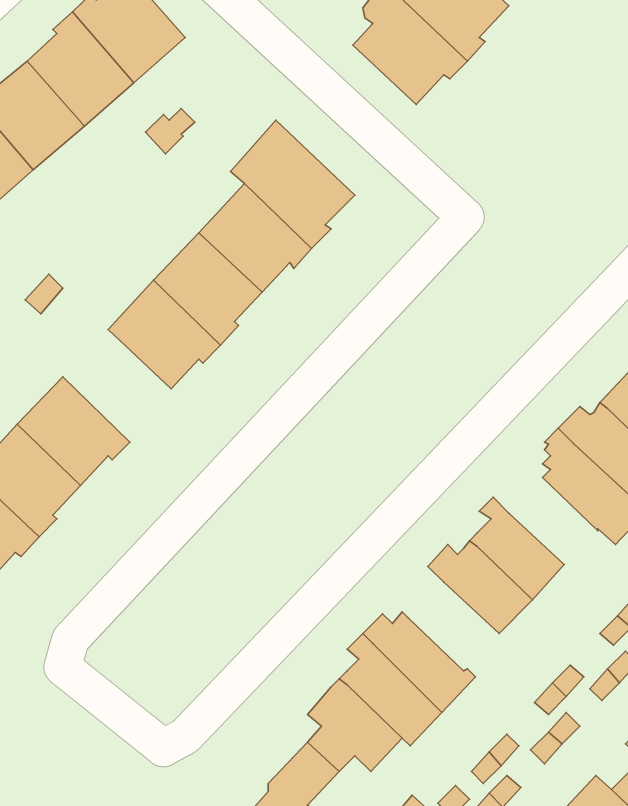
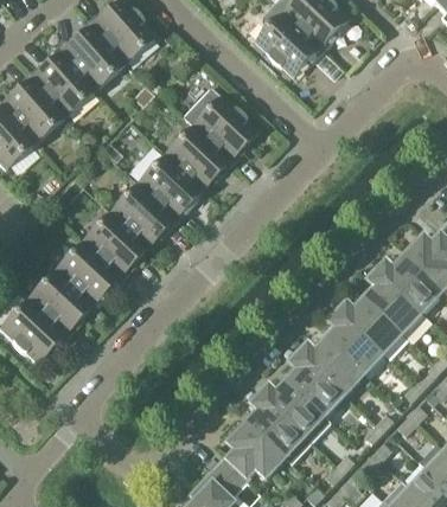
building: none -> [81,212,146,280]
building: none -> [339,297,402,353]
building: none -> [285,354,343,417]

